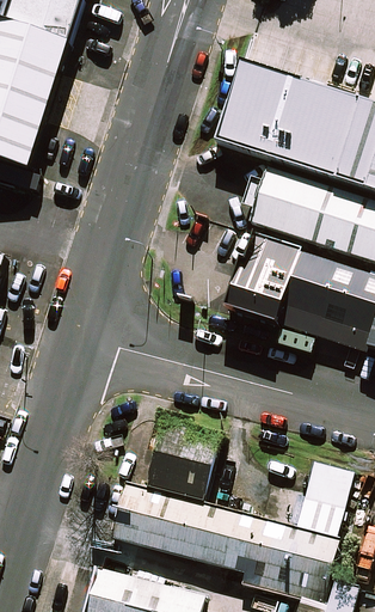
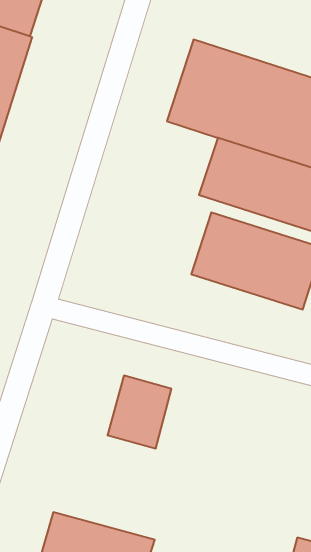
building: [294,459,350,532] -> none
building: [112,484,334,590] -> none

